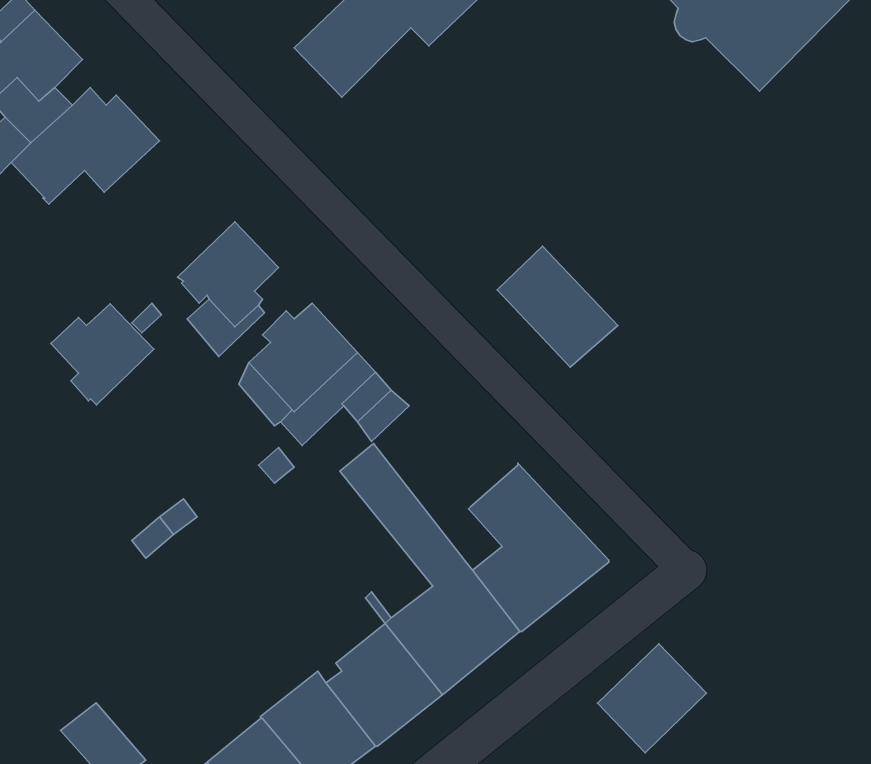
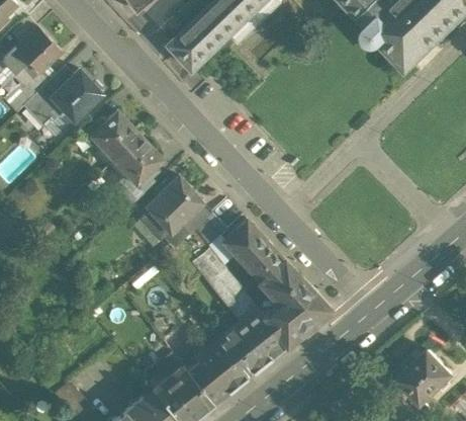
building: [497,246,618,367] -> [221,220,283,281]
building: [51,304,154,405] -> [86,112,138,164]
building: [598,644,706,753] -> [396,349,452,405]

